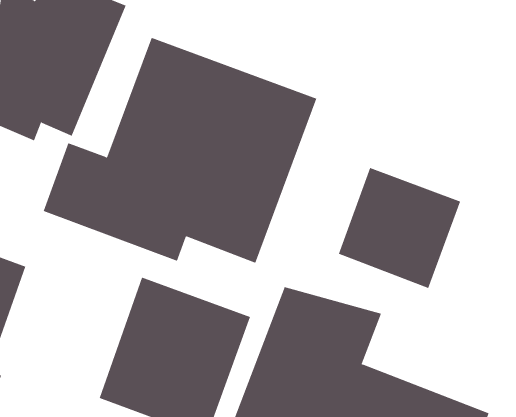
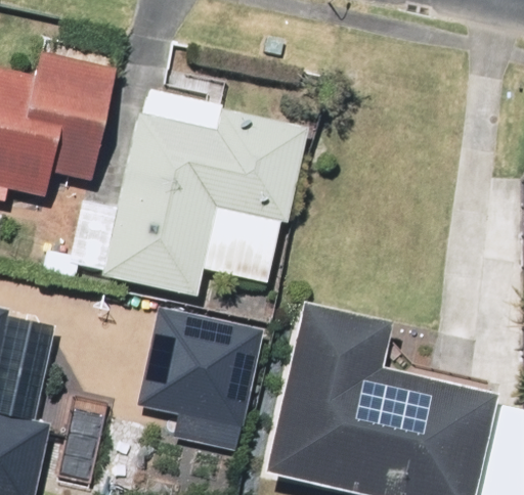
building: [338,167,461,289] -> none

